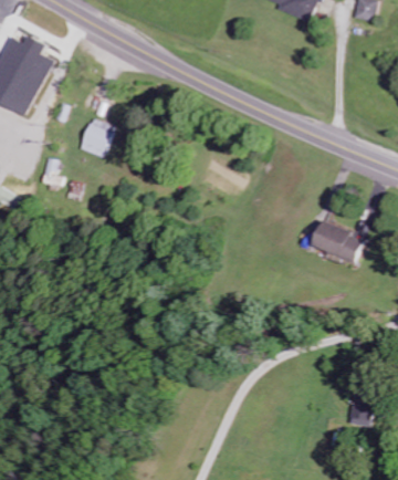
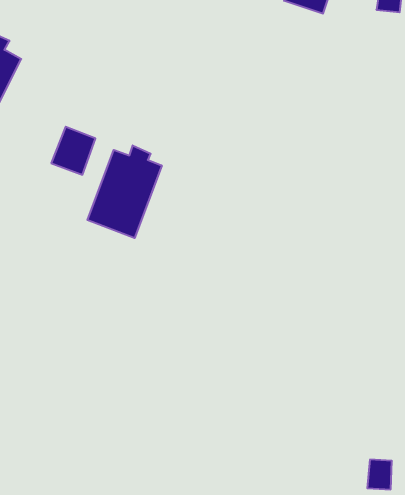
building: none -> [87,145,162,238]
building: [310,219,363,261] -> none

